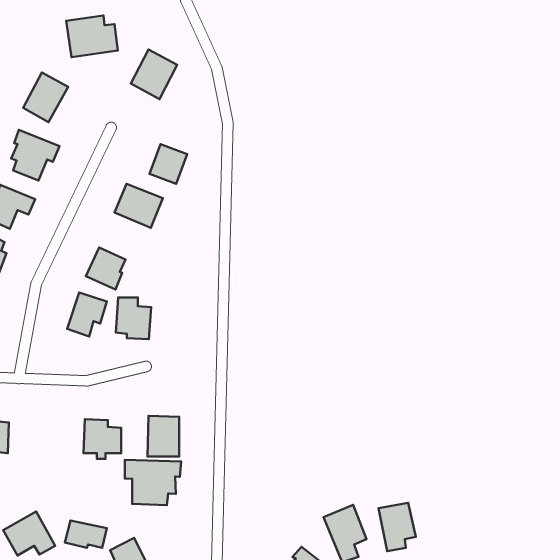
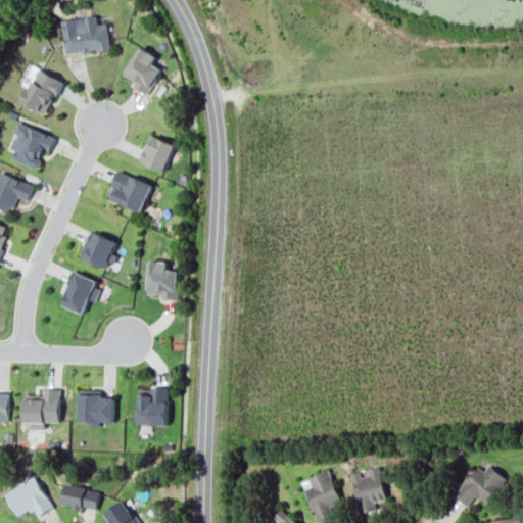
building: [116,297,151,339] -> [146,263,179,301]
building: none -> [23,390,59,430]
building: [125,460,181,505] -> none
building: none -> [454,466,506,507]

